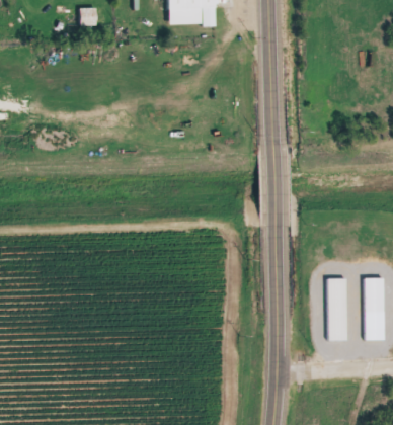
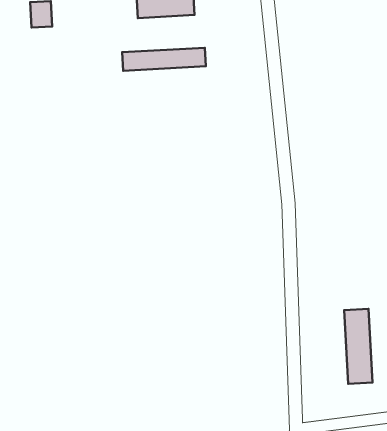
building: none -> [122,48,206,71]

